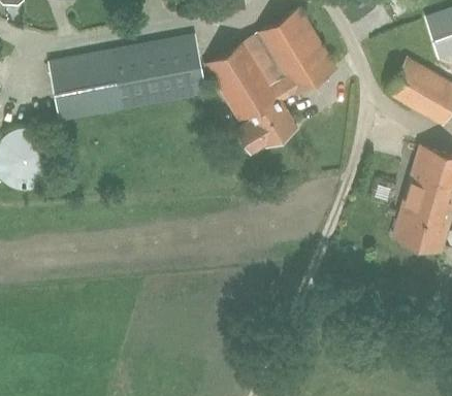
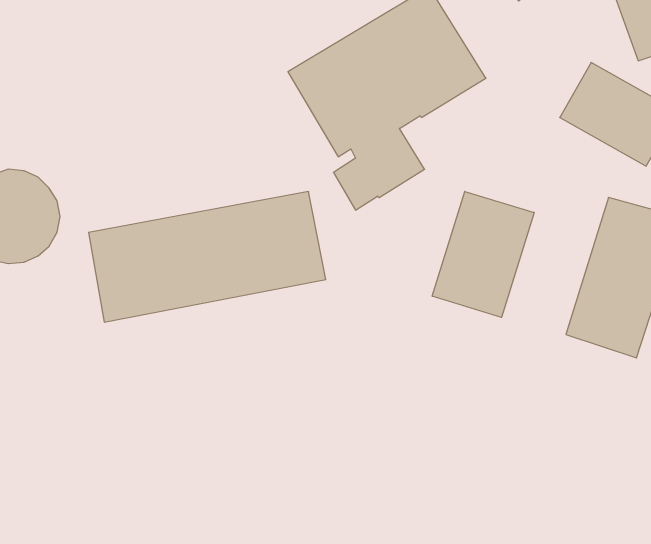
building: [52,35,207,121] -> [89,192,326,322]
building: none -> [432,191,534,317]

